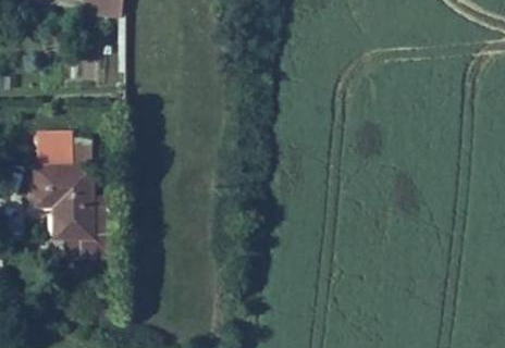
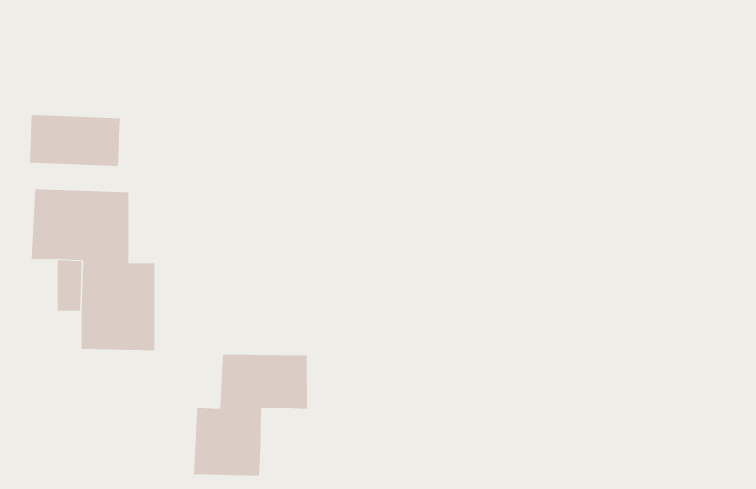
building: none -> [193,354,307,477]

